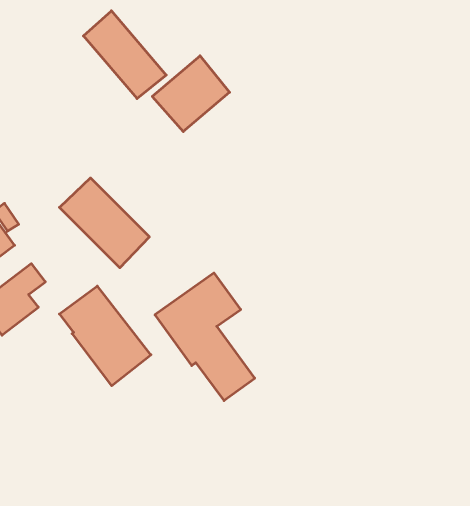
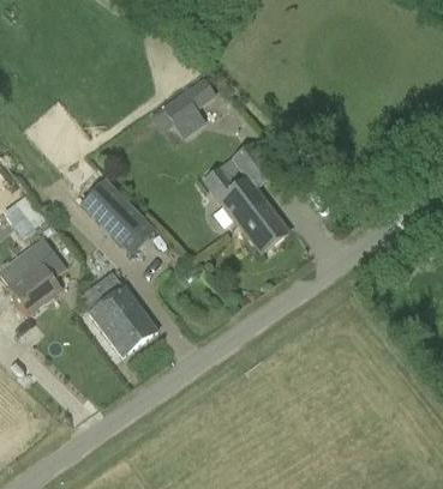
building: [83,11,166,99] -> none
building: [155,273,255,401] -> [202,141,287,250]

